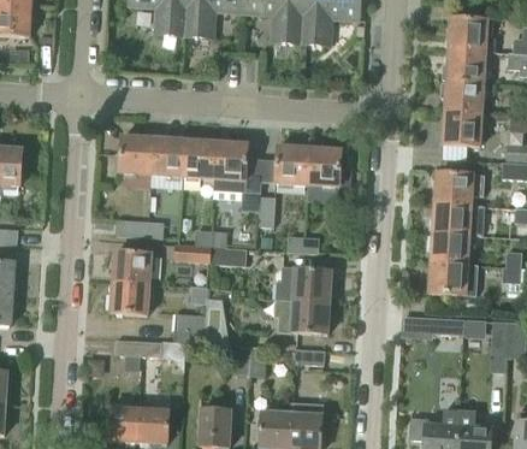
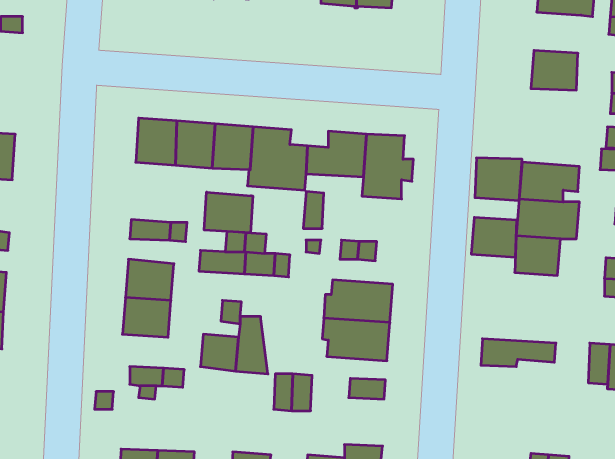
building: [446,49,485,83] -> none
building: [443,112,481,147] -> [475,158,522,200]
building: none -> [204,192,253,233]
building: [428,262,466,295] -> [471,217,517,257]

